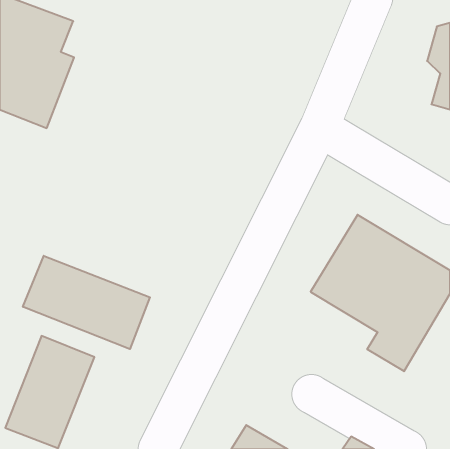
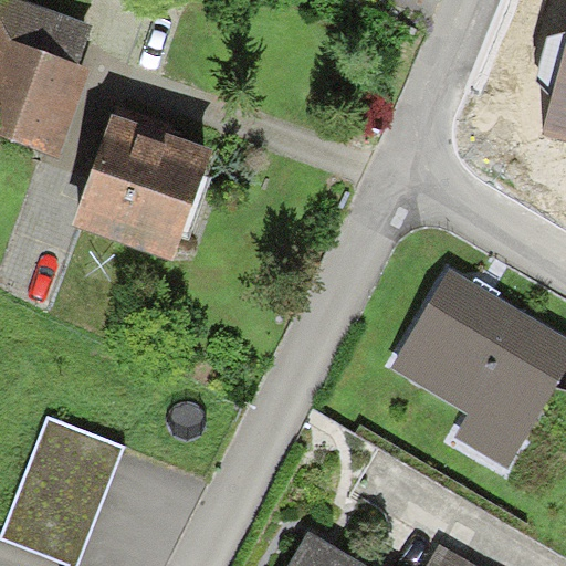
building: none -> [75,115,214,260]
building: [23,256,150,349] -> none

